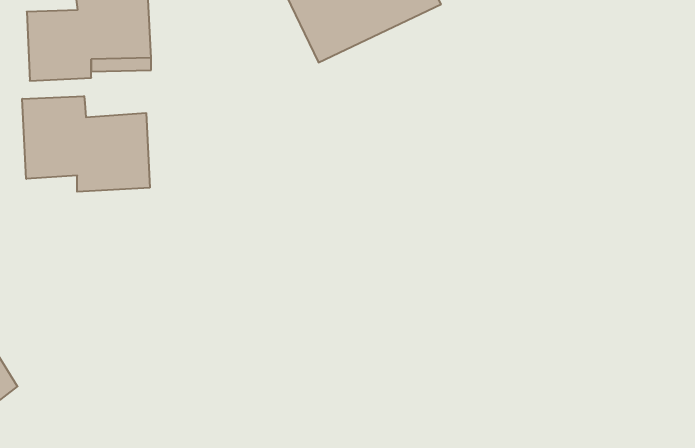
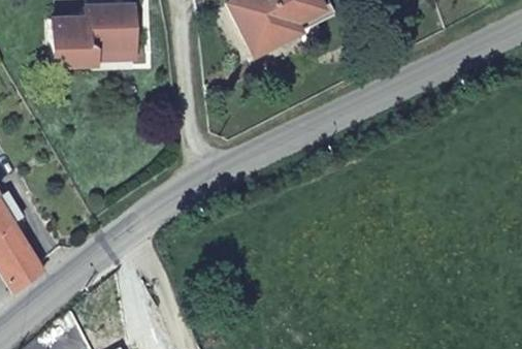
building: [22,96,150,192] -> none

